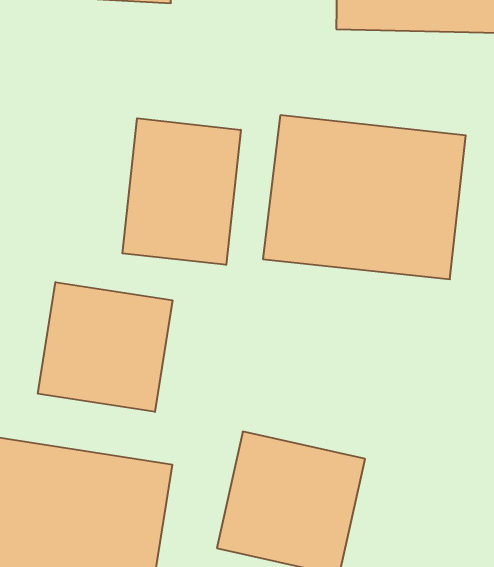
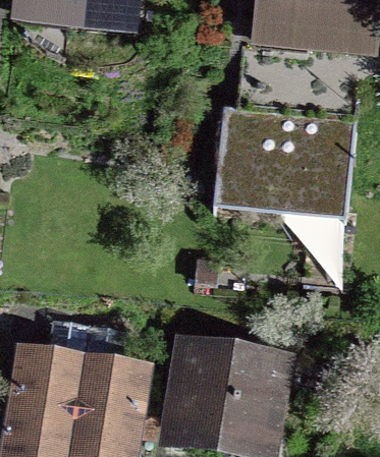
building: [122,118,241,265] -> none
building: [38,282,172,412] -> none

